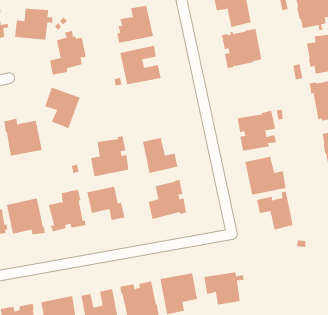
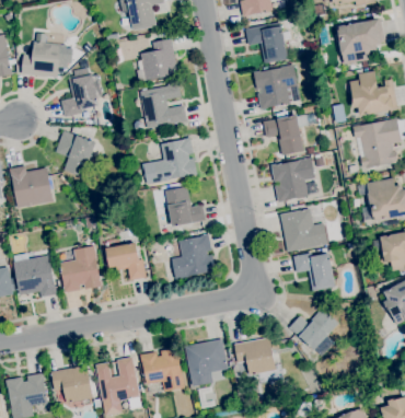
building: none -> [263,113,316,155]
building: [90,136,129,177] -> [153,137,197,183]
building: none -> [289,309,338,356]

